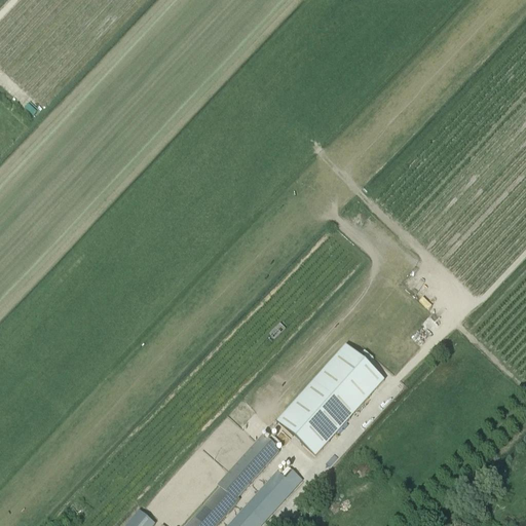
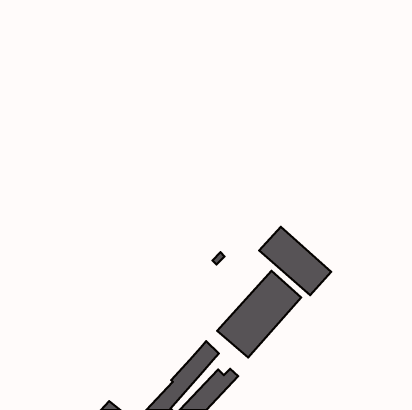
building: none -> [259,227,331,295]

